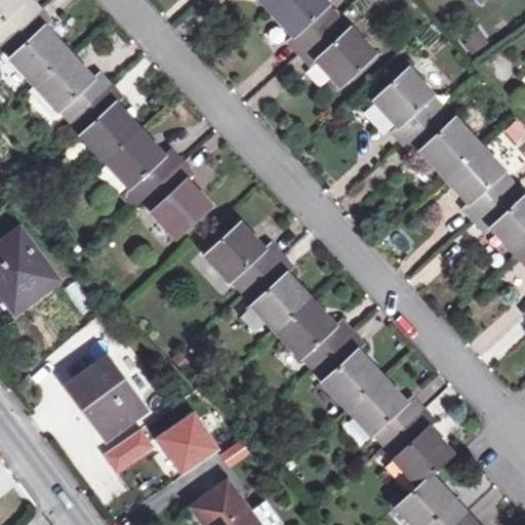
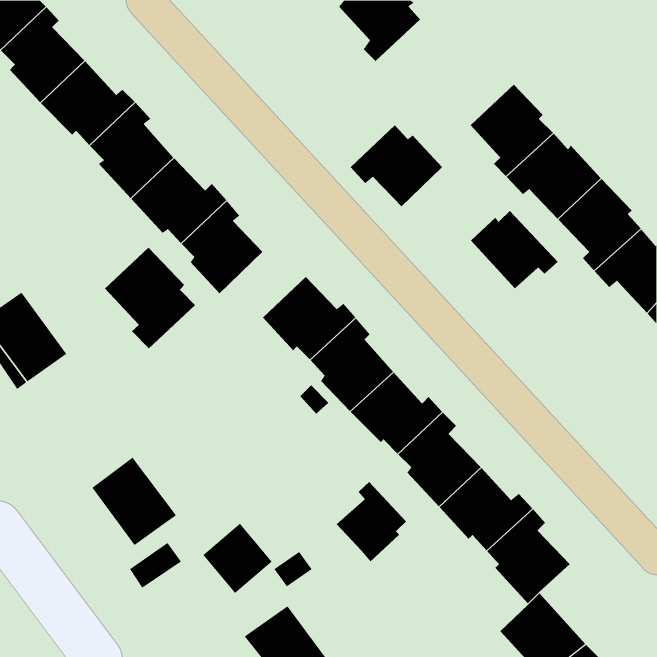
building: [298,17,372,83] -> [350,124,443,207]
building: none -> [470,210,558,289]
building: none -> [104,247,196,349]
building: none -> [336,481,407,562]

